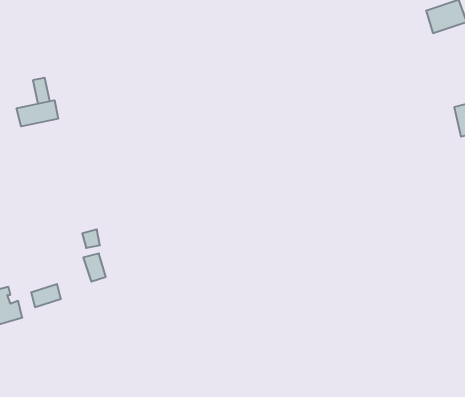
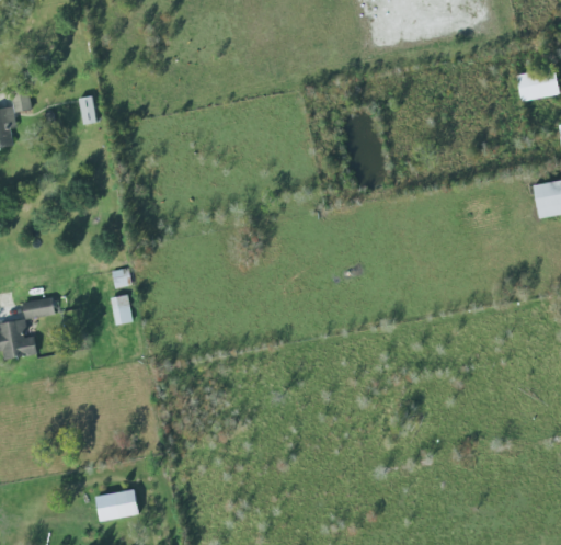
building: [17,100,58,126] -> none
building: [31,284,61,307] -> [22,297,54,319]

